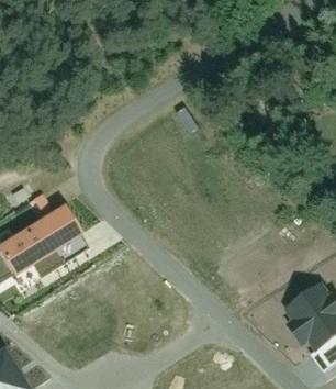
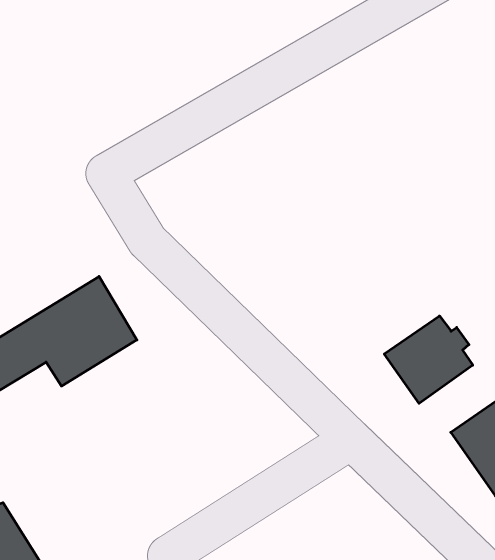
building: none -> [384,316,473,403]

